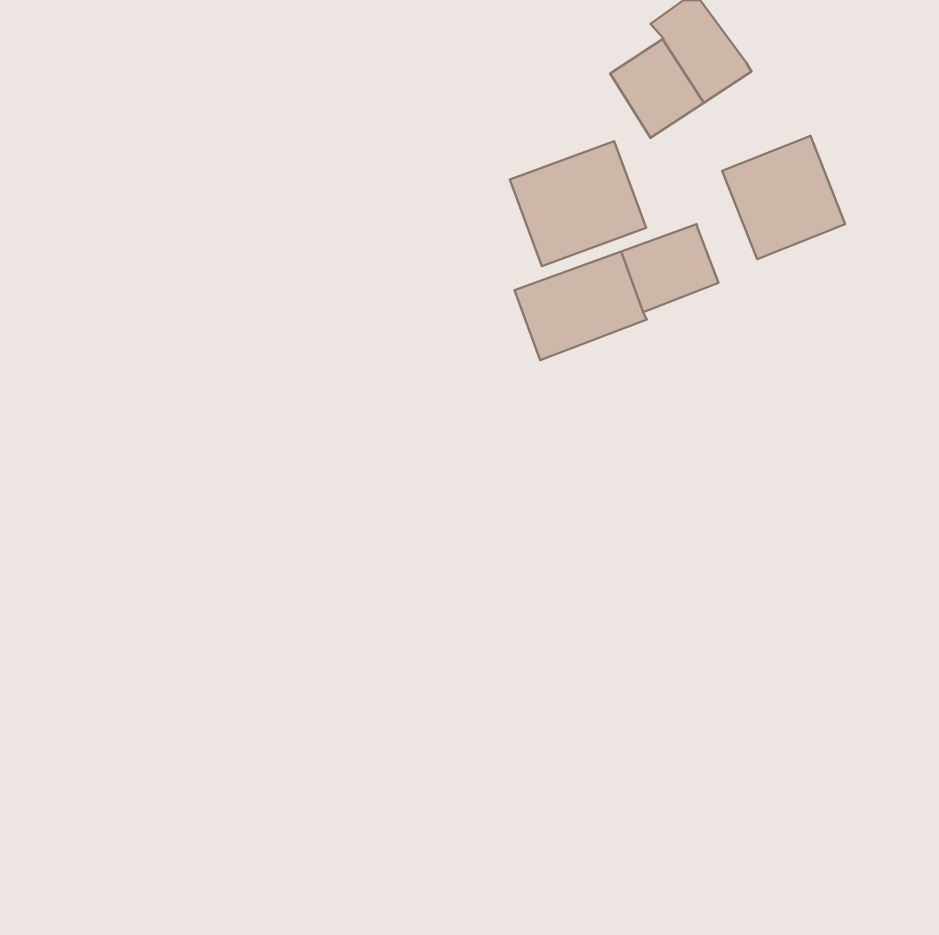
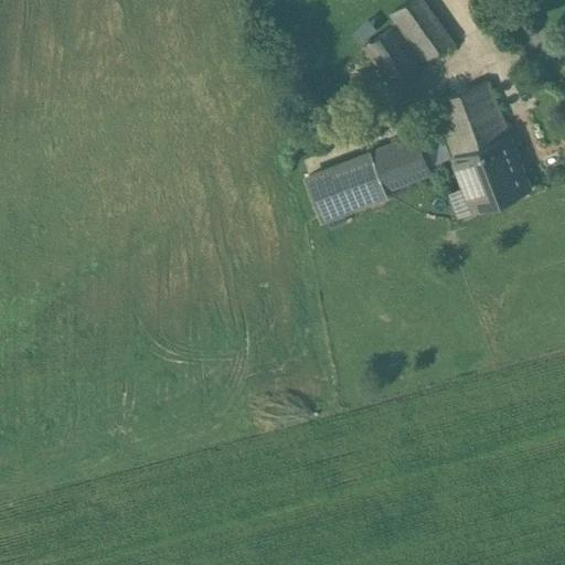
building: [510,141,646,266] -> none
building: none -> [455,137,530,213]

